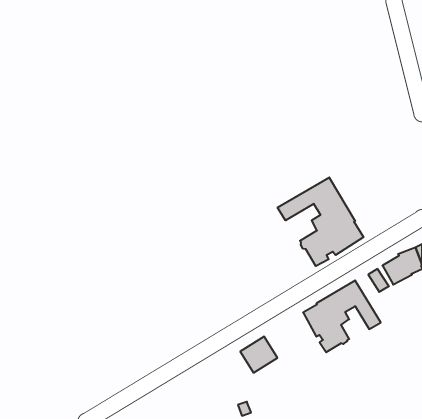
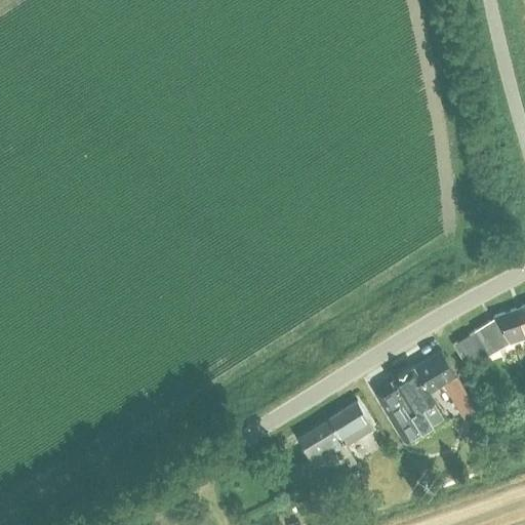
building: [278,177,363,266] -> none
building: none -> [328,402,374,448]

